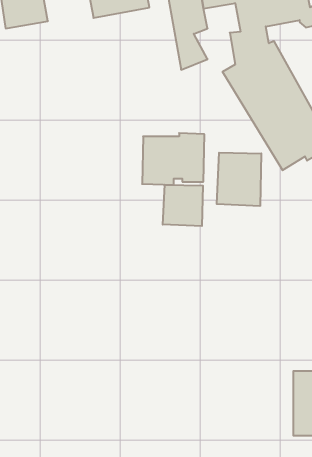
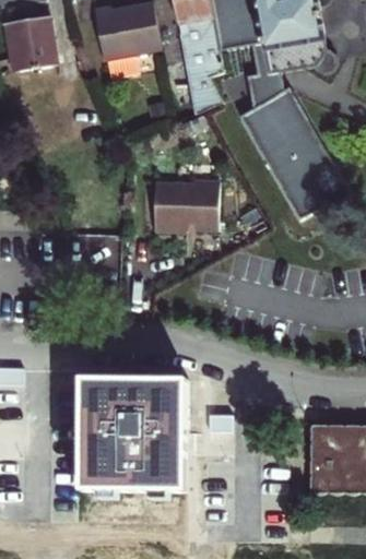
building: [217,153,261,206] -> none
building: [163,185,203,226] -> none
building: none -> [81,379,185,489]

